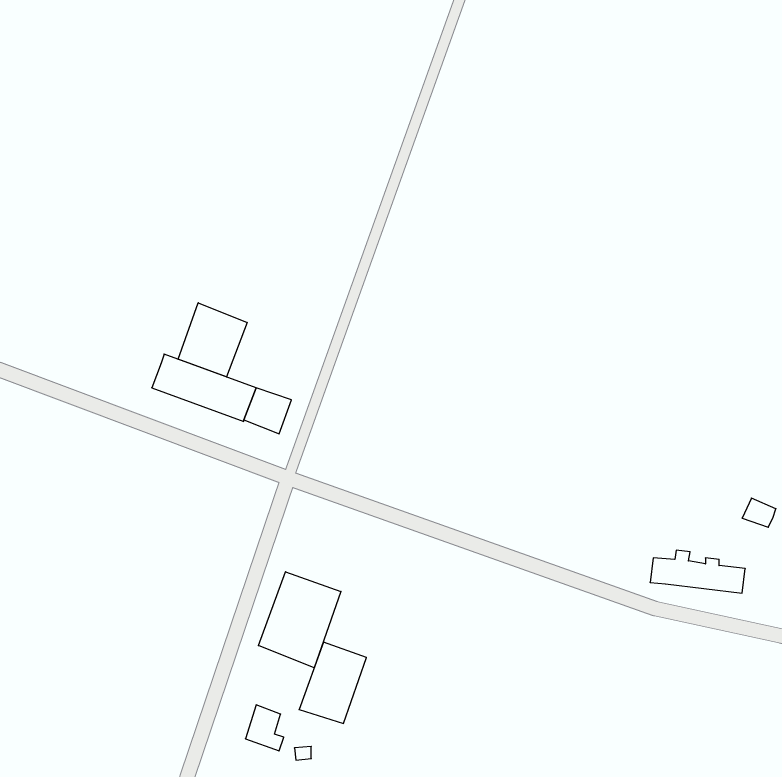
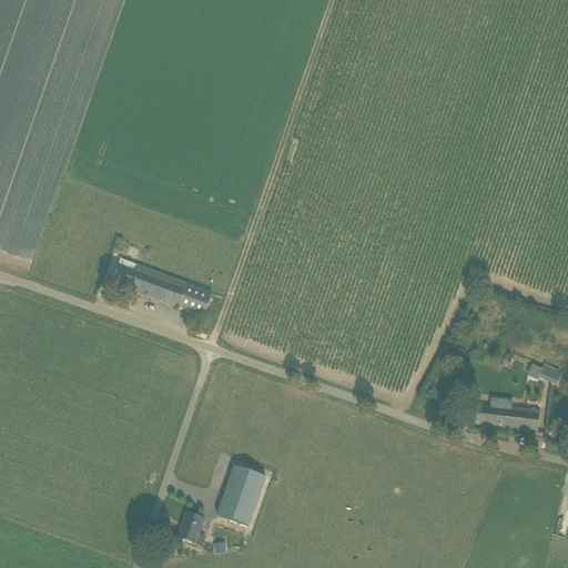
building: [178,303,247,377] -> none
building: [258,572,341,668] -> none

